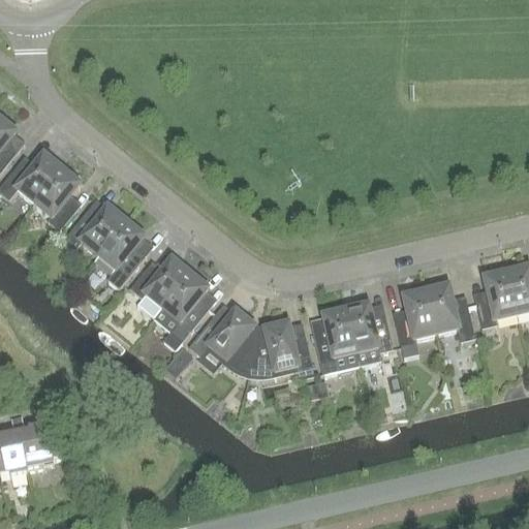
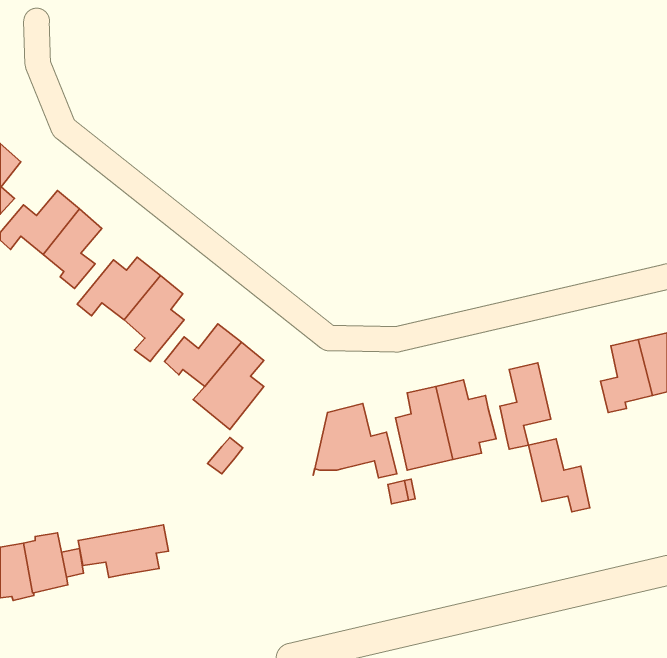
building: [426,282,474,340] -> [529,439,590,512]
building: [188,308,259,376] -> none
building: none -> [78,525,169,578]

